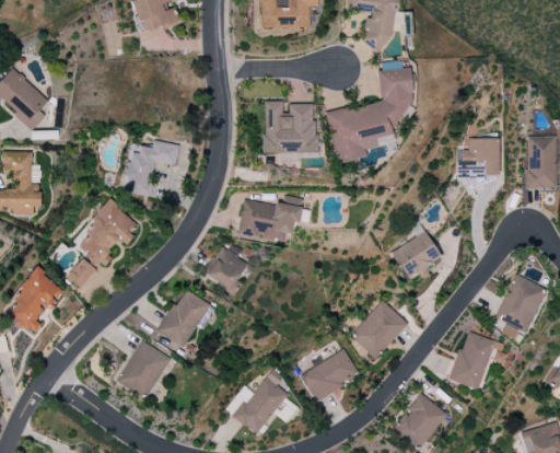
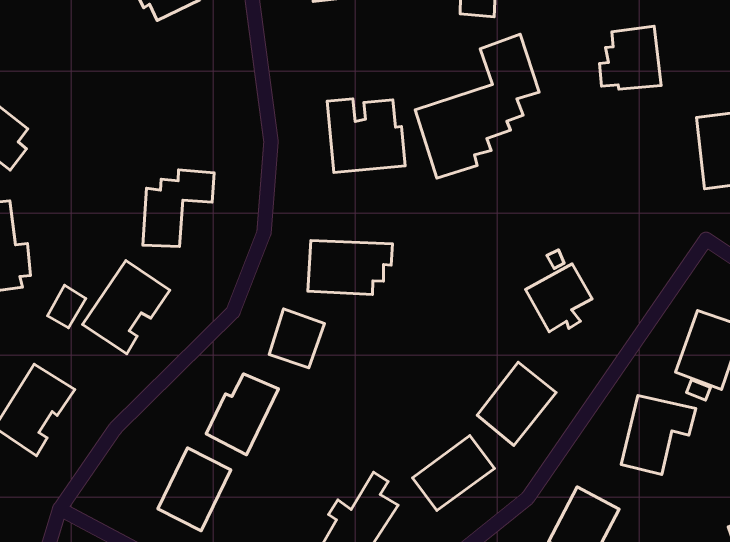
building: [457,138,500,181] -> [599,26,661,89]
building: [68,257,96,288] -> [47,285,86,328]

